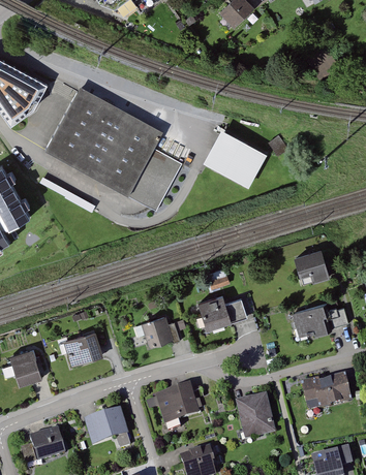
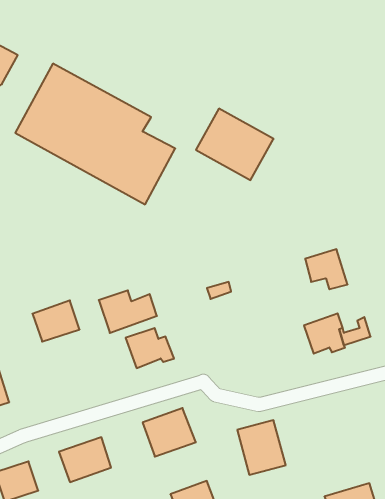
building: [196,294,246,330] -> [99,290,157,333]
building: [62,330,102,366] -> [32,300,80,342]
building: [300,375,352,412] -> none

